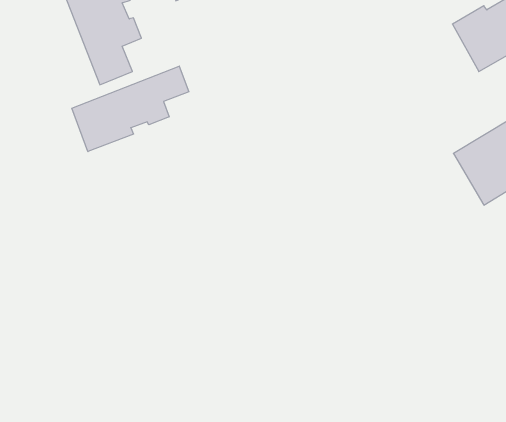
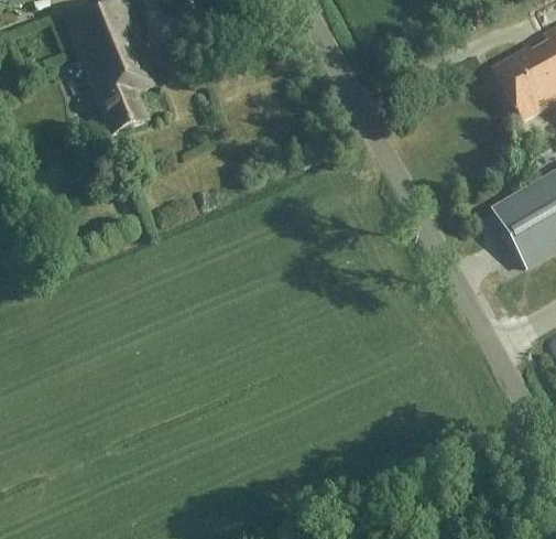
building: [72,66,189,152] -> none

